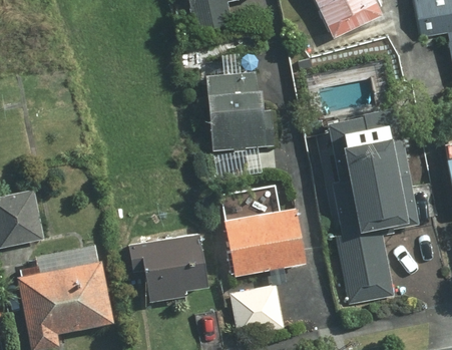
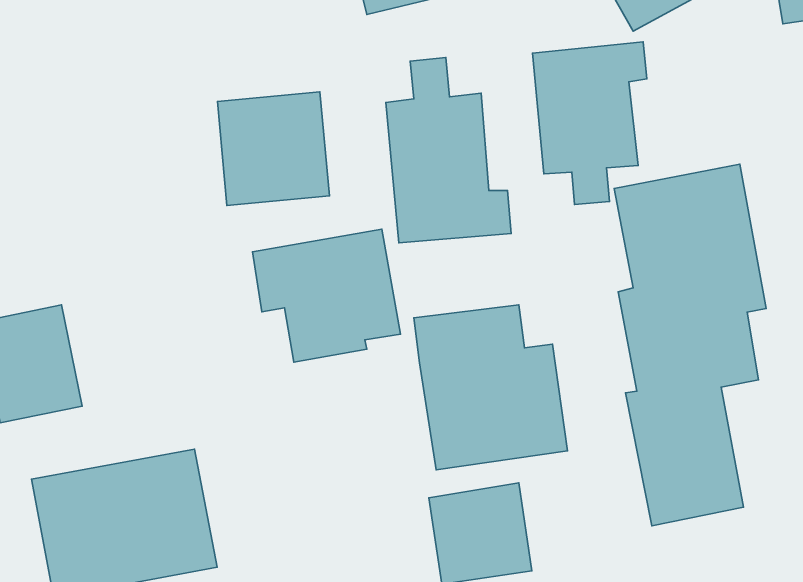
building: none -> [533,42,647,205]
building: none -> [217,92,330,205]
building: [128,232,207,303] -> [253,229,401,362]

